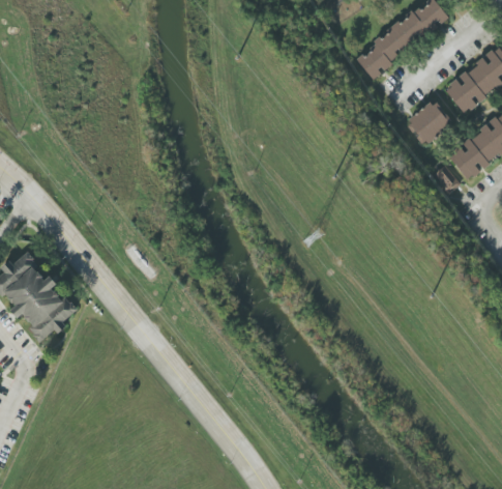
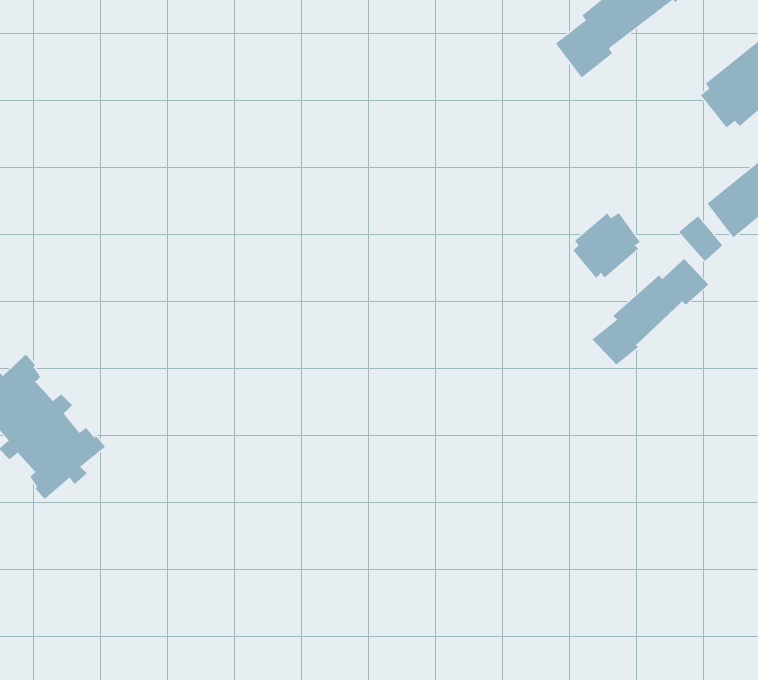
building: [408,102,450,143] -> [572,212,641,279]
building: none -> [592,258,709,365]

